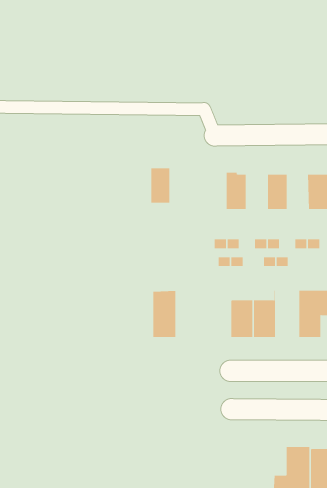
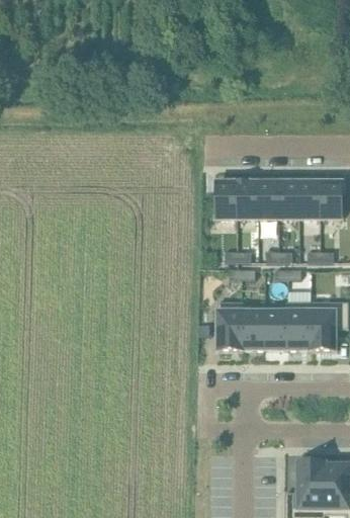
building: [150,168,170,203] -> [215,181,236,218]
building: none -> [257,179,278,218]
building: none -> [299,179,321,218]
building: none -> [287,300,311,349]
building: [153,290,176,338] -> [216,300,241,349]

